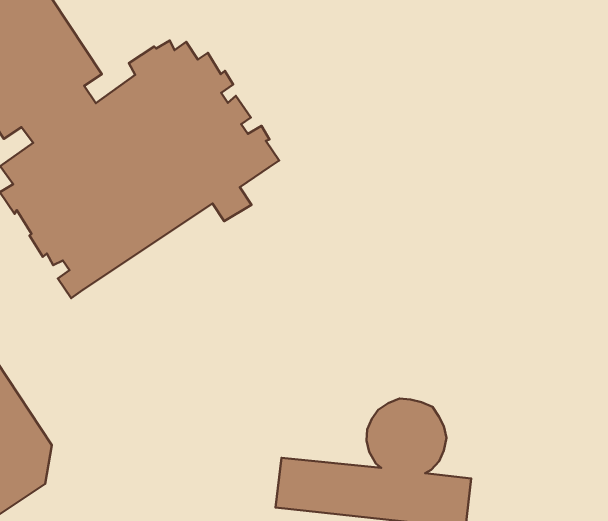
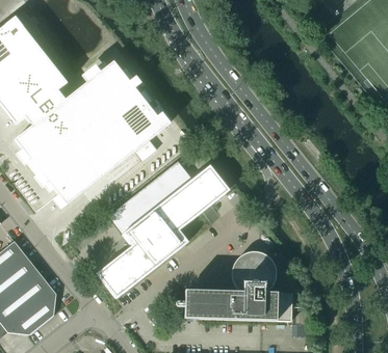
building: none -> [96,160,229,298]

